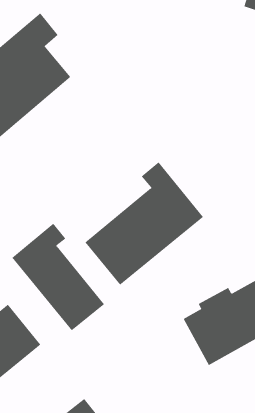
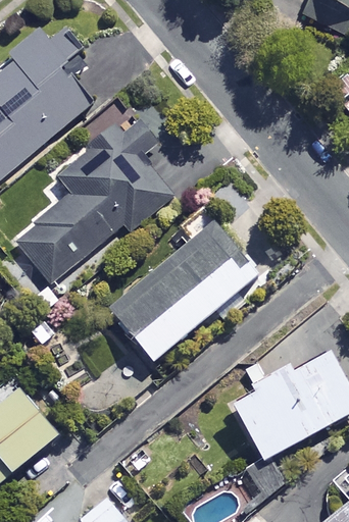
building: none -> [15,105,173,285]
building: [12,223,105,331] -> none

